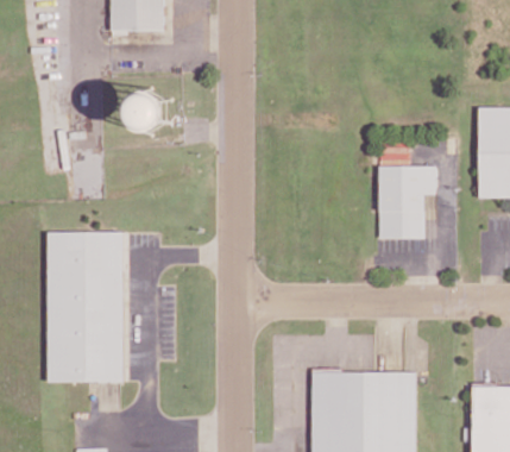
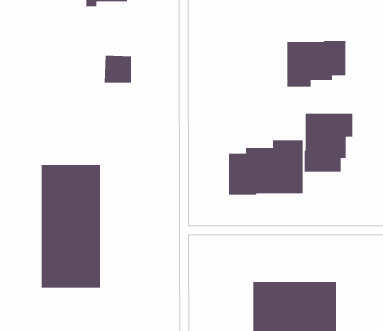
building: none -> [287,40,346,87]
building: none -> [228,140,303,195]

